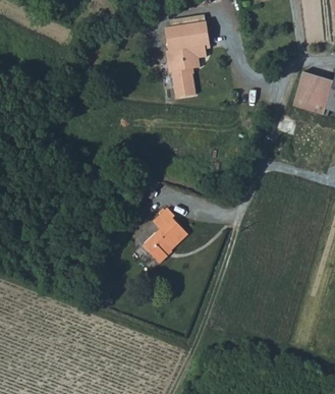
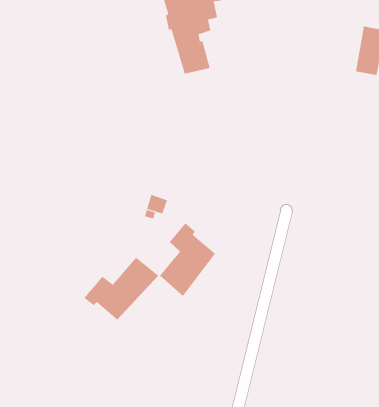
building: [292,71,317,109] -> none
building: none -> [83,257,159,321]

